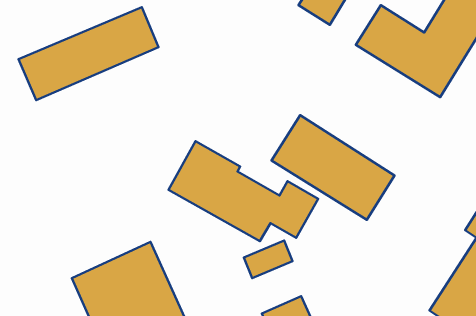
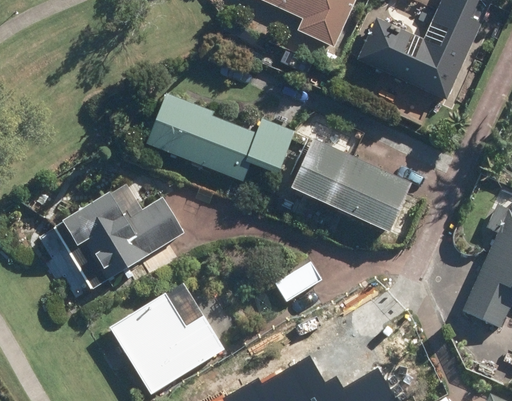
building: [18,7,158,100] -> none
building: [168,141,318,241] -> [147,91,294,180]
building: none -> [55,191,186,288]

